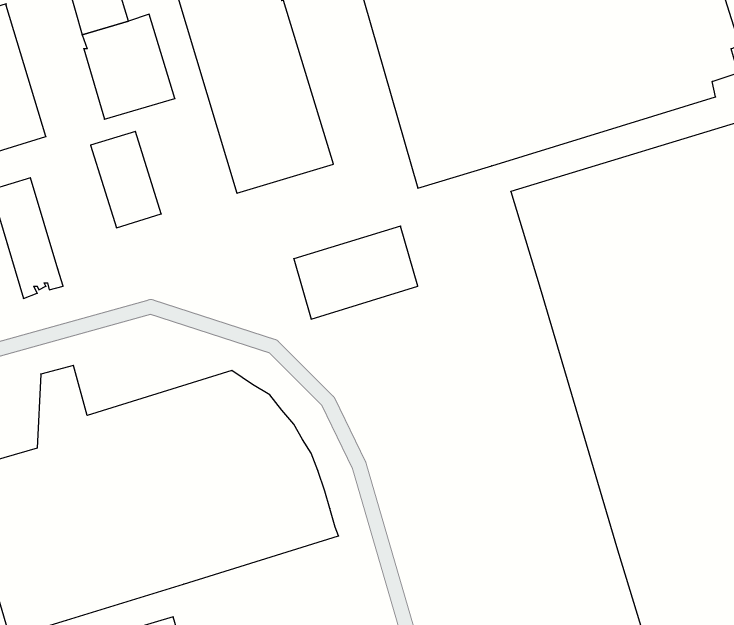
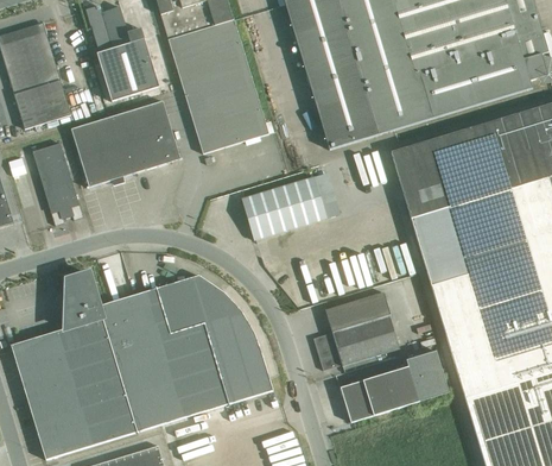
building: none -> [133,101,182,168]
building: none -> [71,120,120,187]
building: none -> [313,292,400,370]
building: none -> [341,351,449,422]

